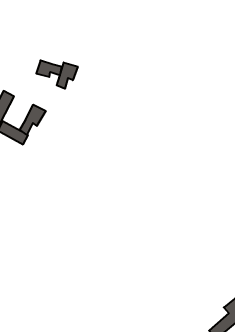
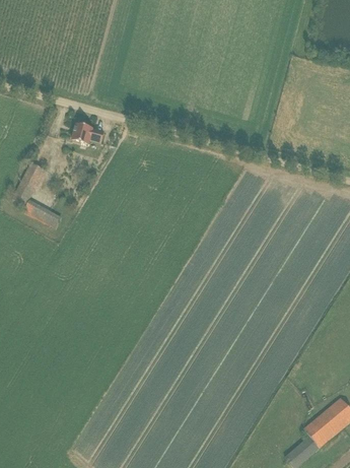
building: [57,62,78,89] -> none
building: [20,105,46,135] -> none

